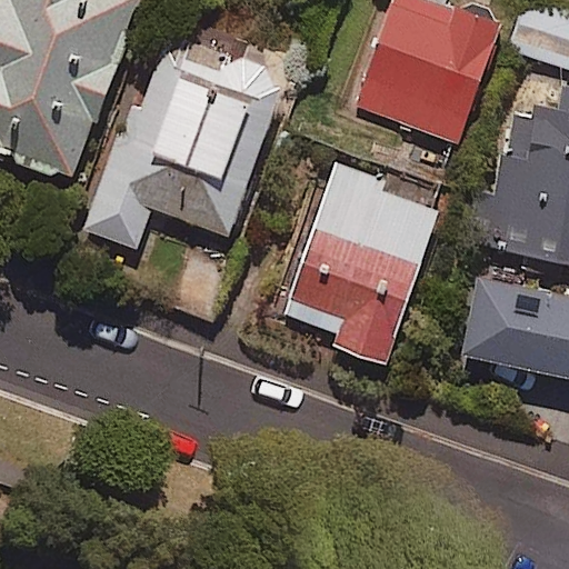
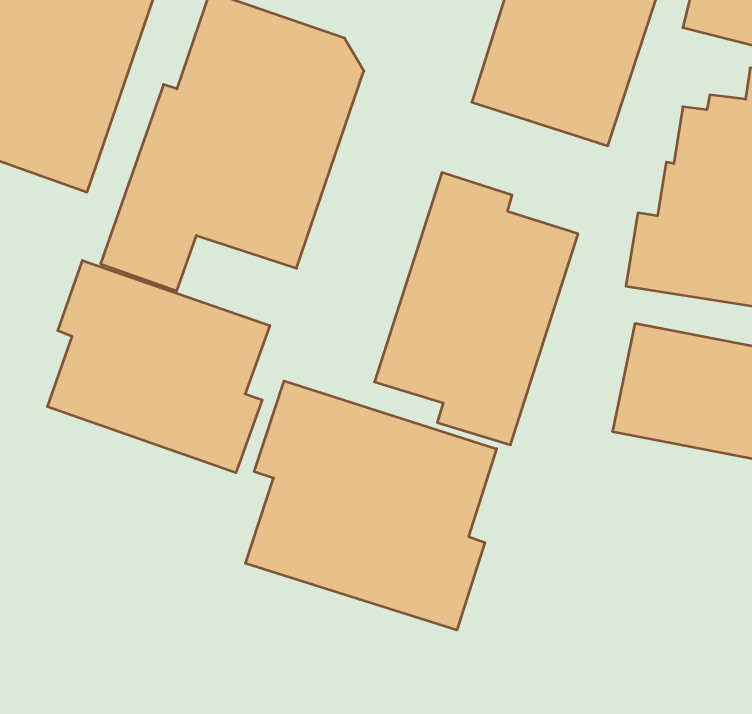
building: none -> [47,260,270,473]
building: none -> [245,381,497,630]

